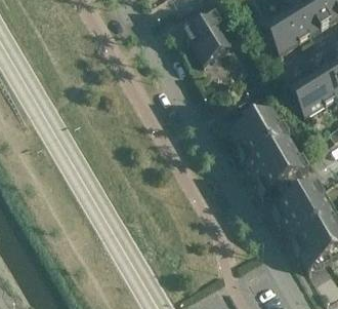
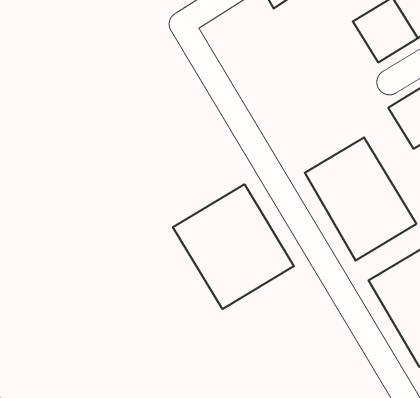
building: [184,14,233,62] -> none
building: none -> [173,184,294,309]

